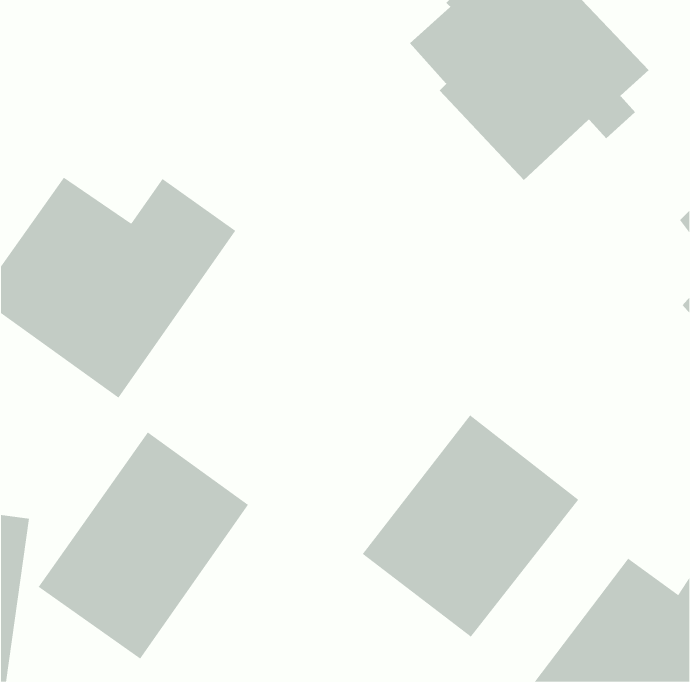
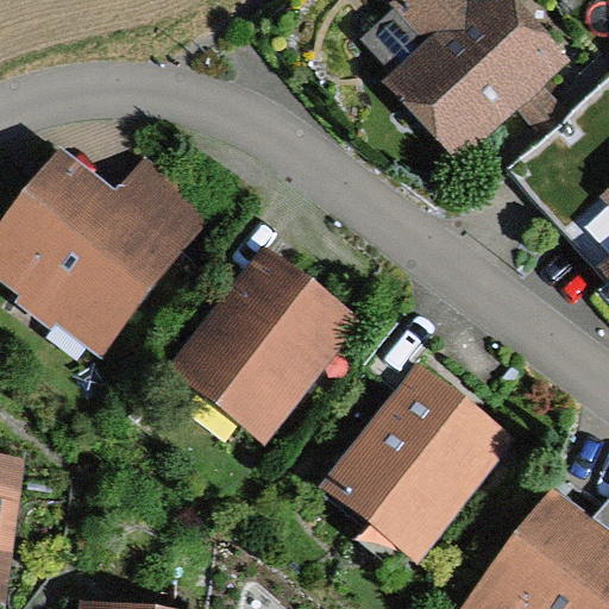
building: none -> [169,247,363,447]
building: [38,432,249,660] -> none

